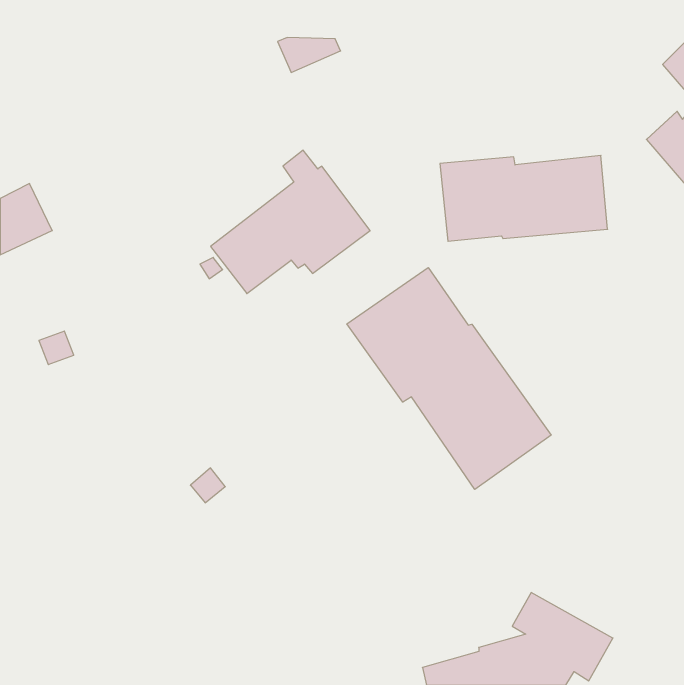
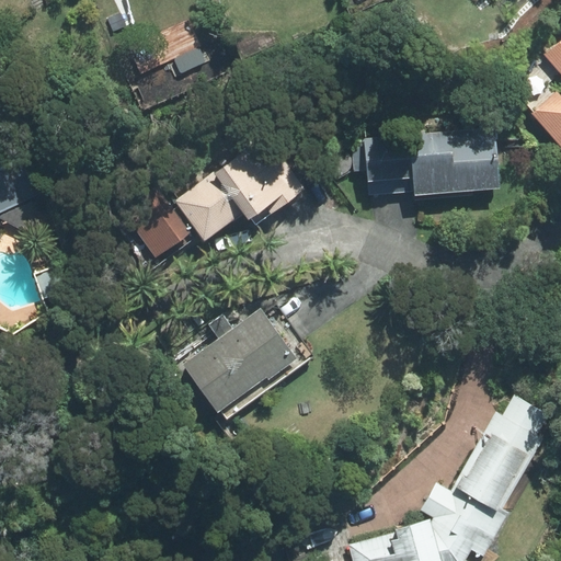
building: [347,268,551,489] -> none
building: none -> [180,302,312,420]
building: none -> [454,397,546,514]

